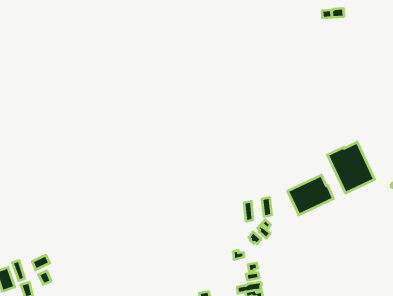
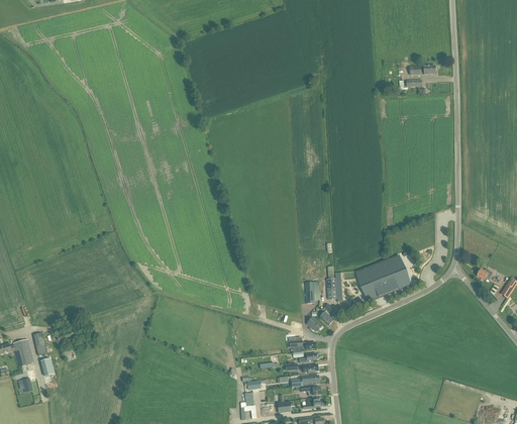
building: [327,142,374,193] -> none

